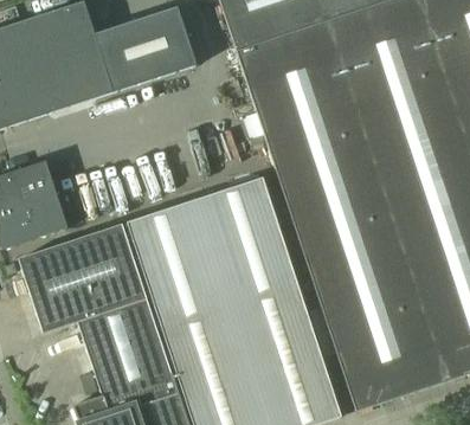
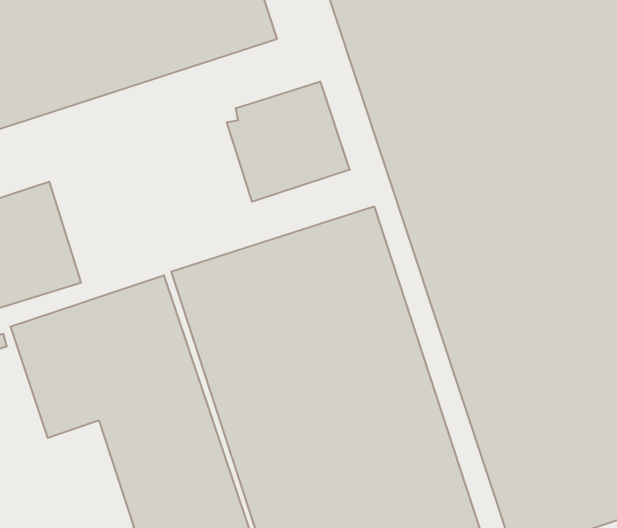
building: none -> [227,81,350,202]

